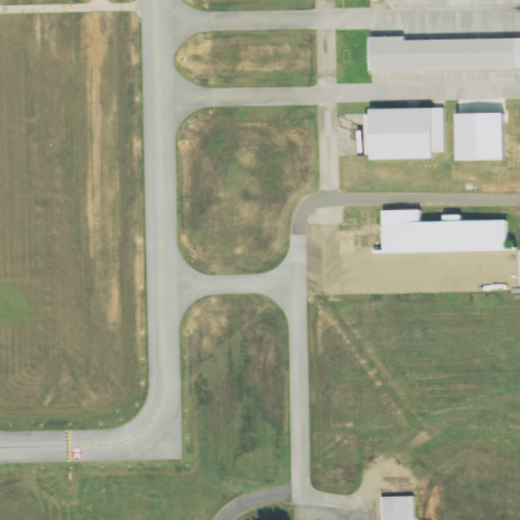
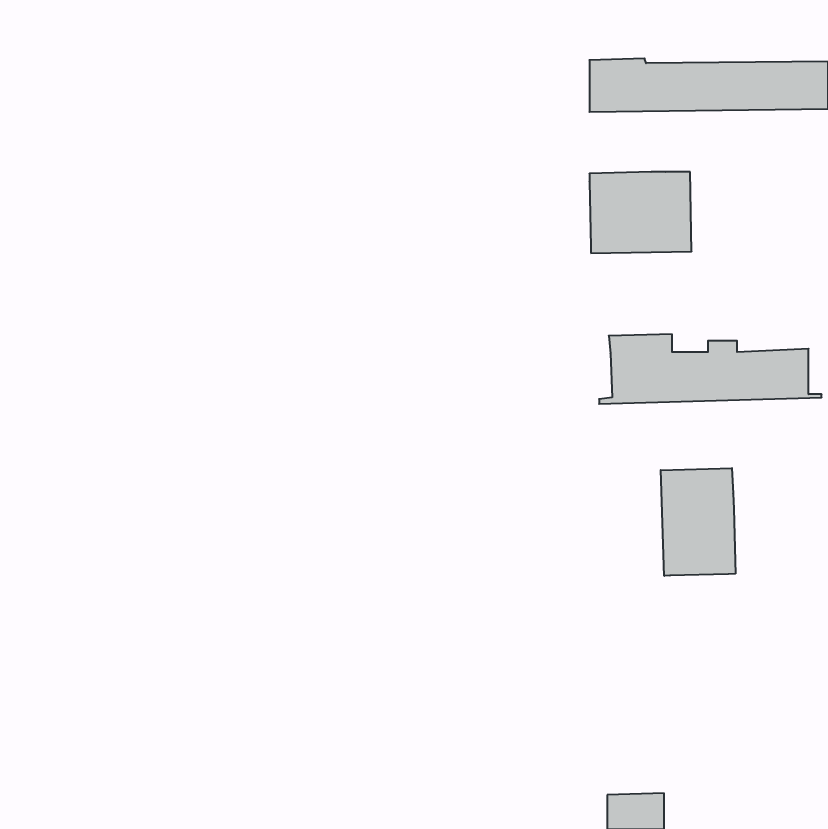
building: [454,112,502,161] -> none
building: none -> [661,468,735,576]

